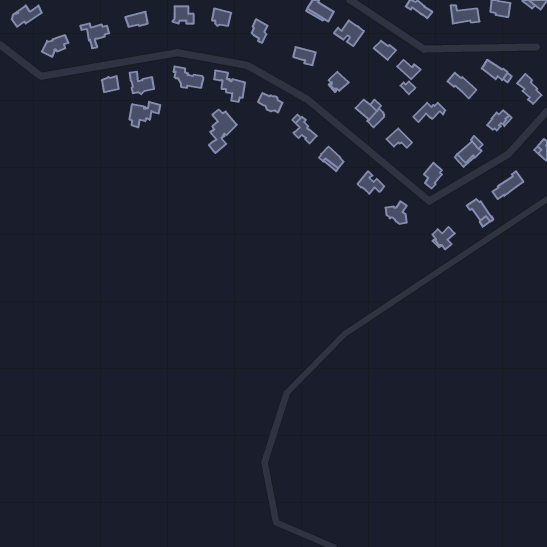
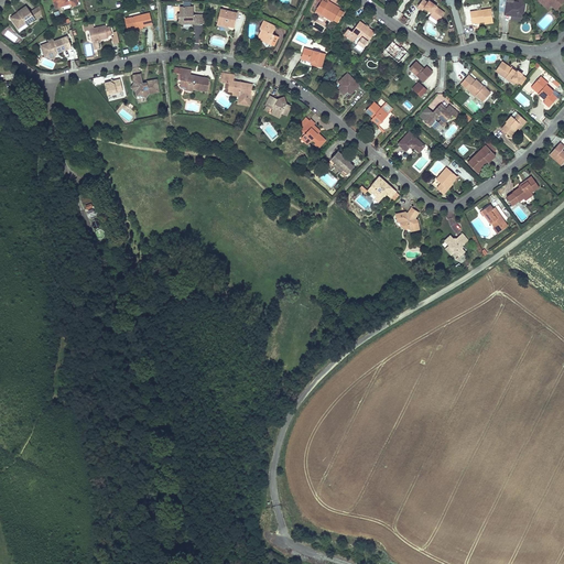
building: [130,102,160,127] -> none
building: [209,110,237,153] -> none

